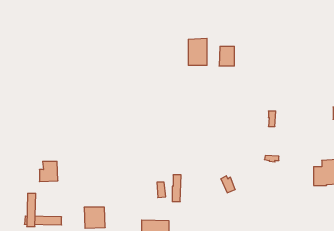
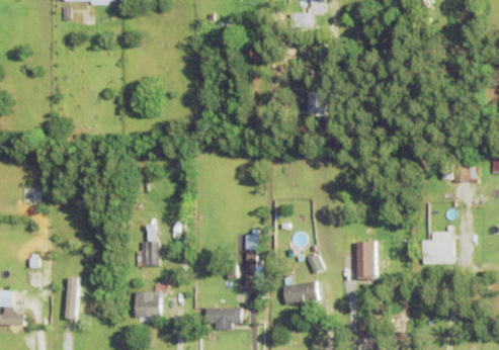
building: [188,38,207,65] -> none
building: [39,161,58,182] -> [136,242,159,267]
building: none -> [355,239,375,275]
building: none -> [284,282,319,305]

